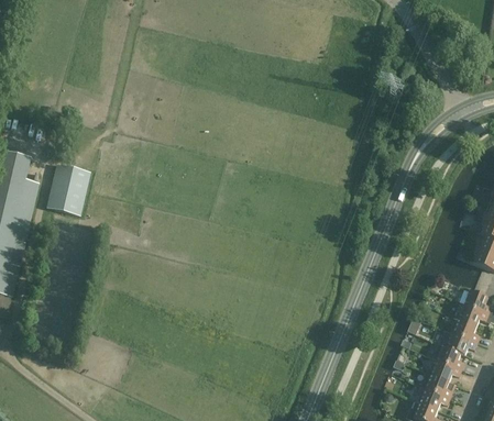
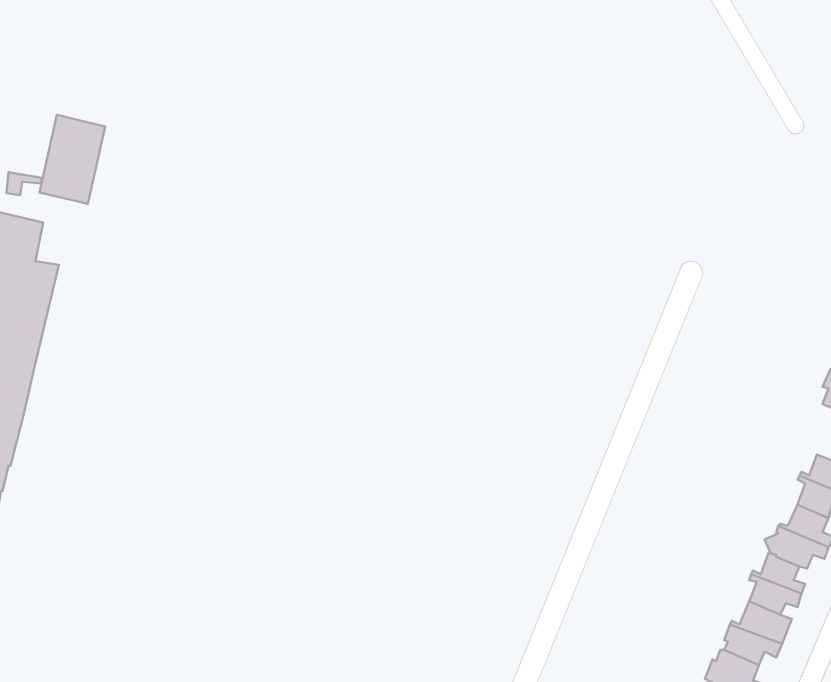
building: [51,165,88,215] -> [39,115,105,204]

